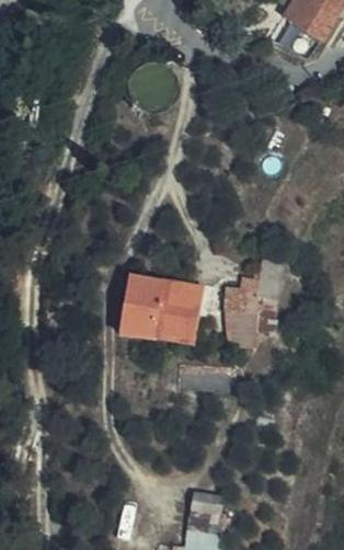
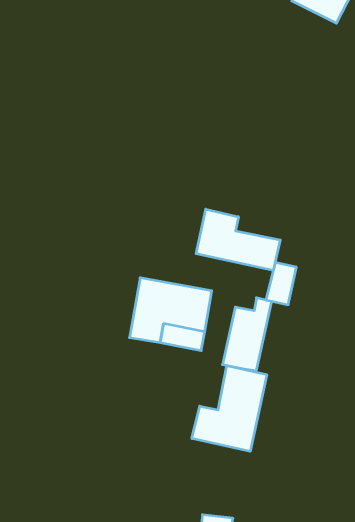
building: none -> [196,209,280,270]
building: none -> [192,366,267,451]

